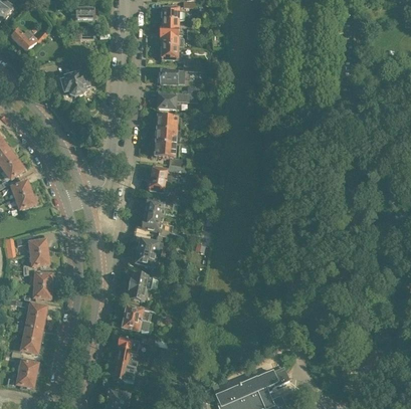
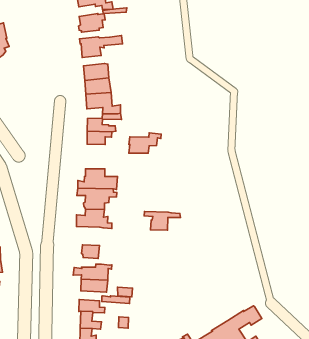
building: [144,197,177,216] -> [129,133,161,153]
building: [126,266,160,287] -> [144,211,181,230]

